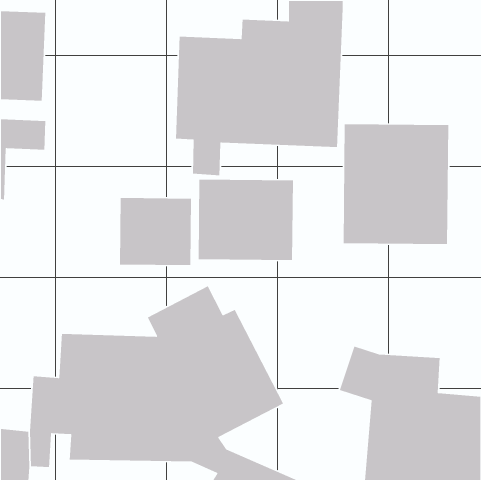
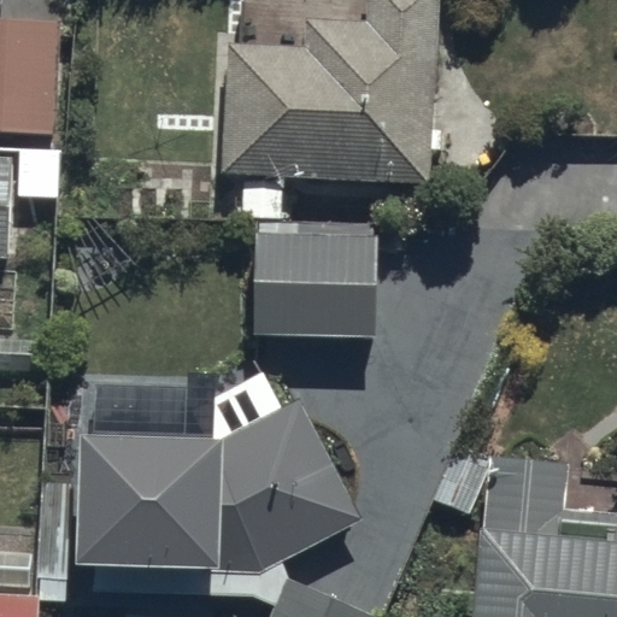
building: [343,124,449,245] -> none
building: [119,197,192,266] -> none

